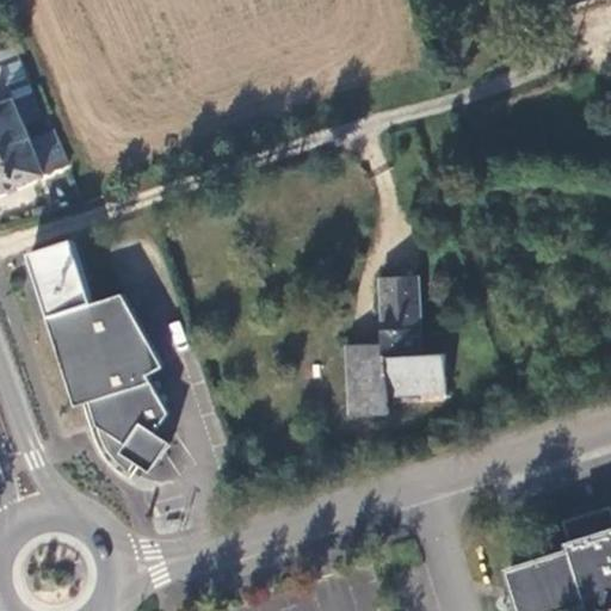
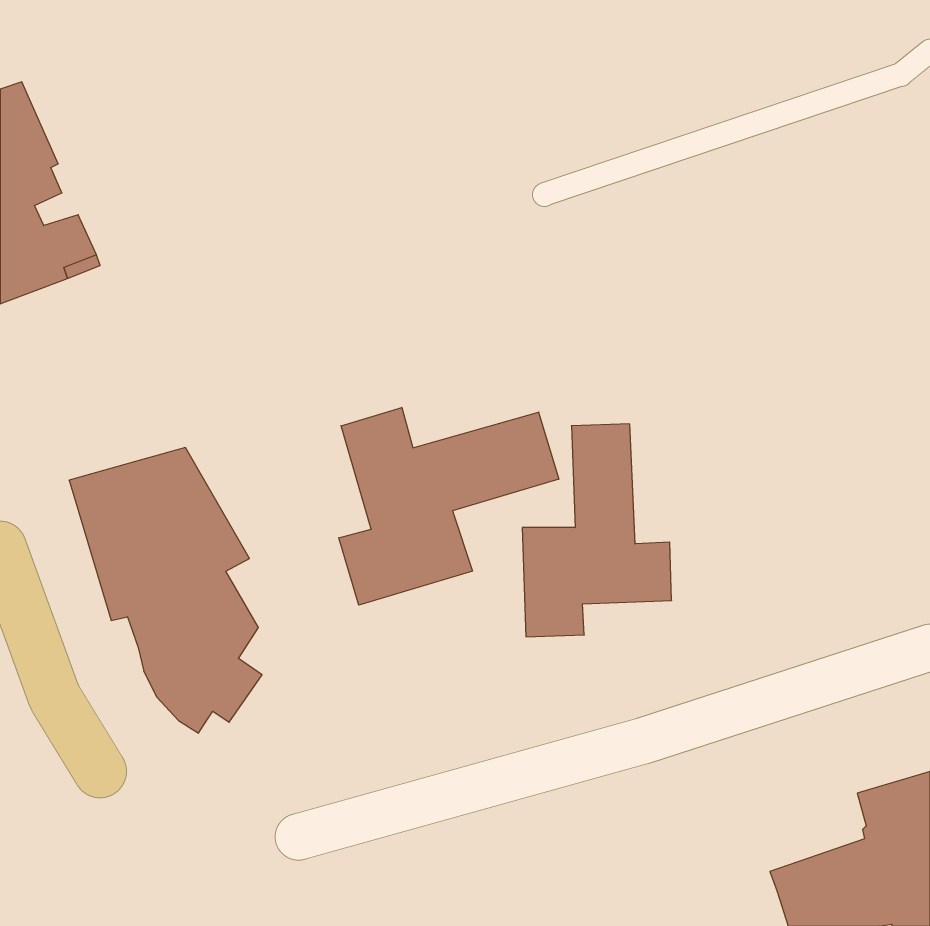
building: [26,239,92,315] -> none
building: none -> [339,407,559,605]

